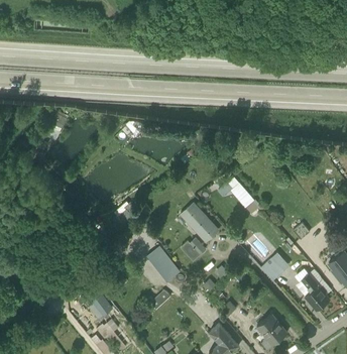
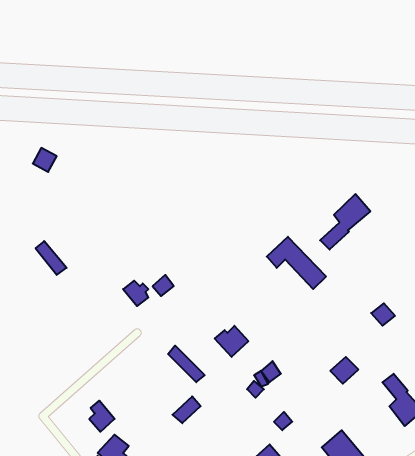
building: none -> [320,194,370,250]
building: [183,205,215,242] -> none

